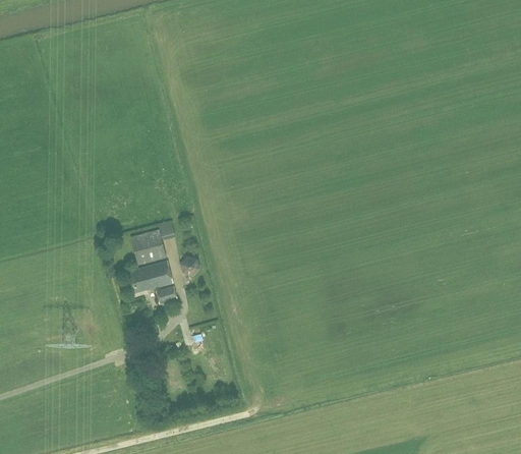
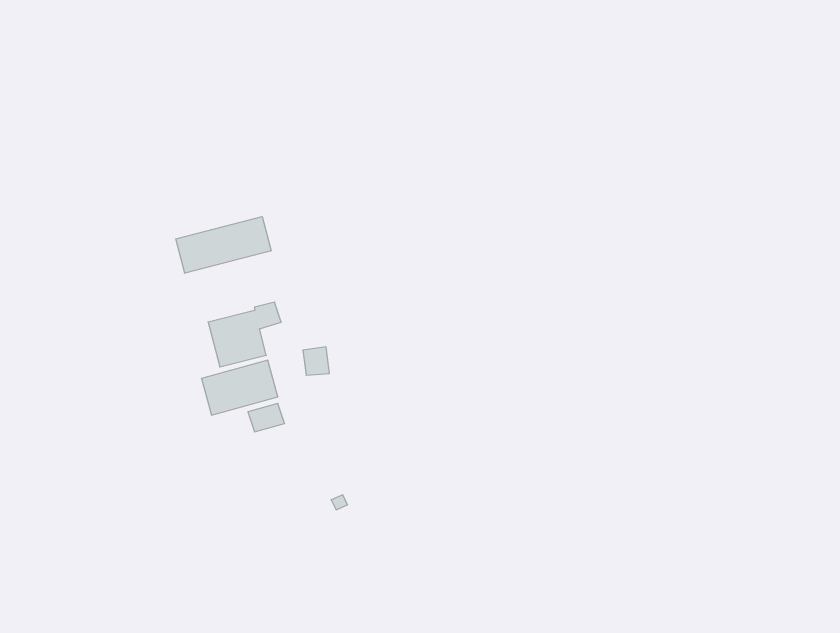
building: none -> [176,217,271,273]

